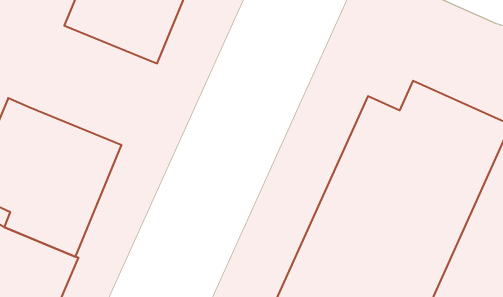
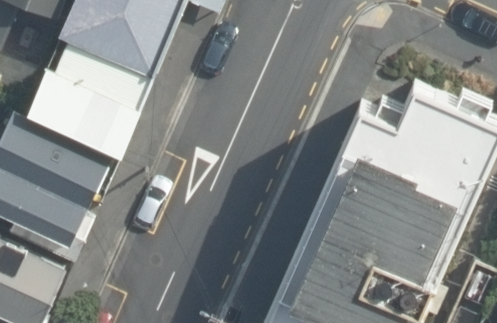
building: none -> [29,34,164,156]

